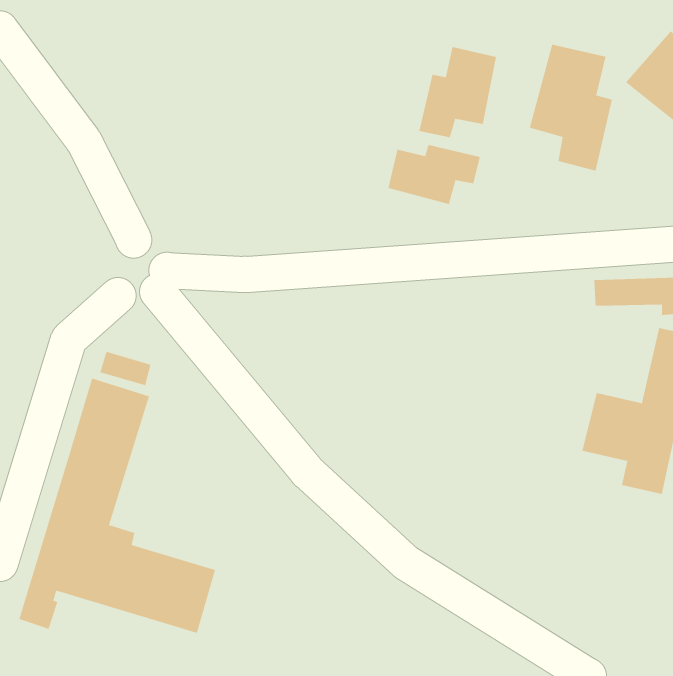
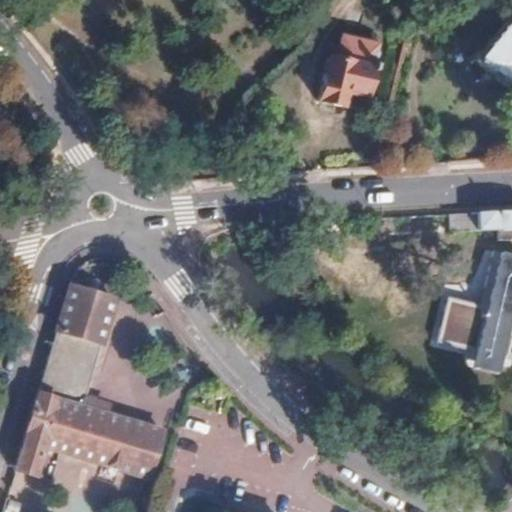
building: [529,44,613,171] -> none
building: [388,144,481,205] -> none

